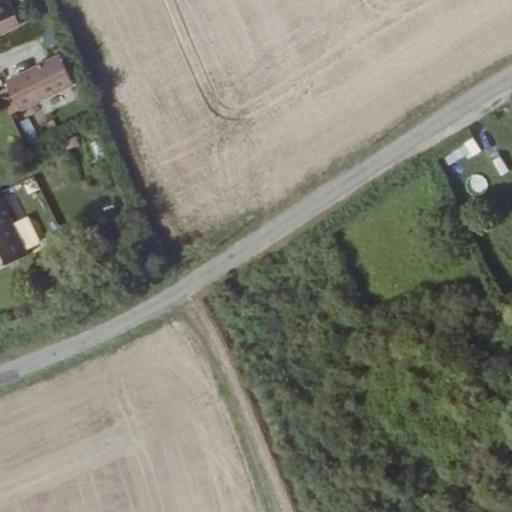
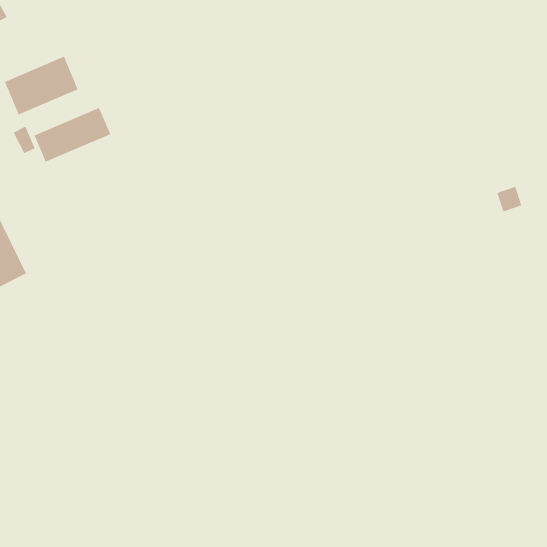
building: none -> [34,107,111,162]

